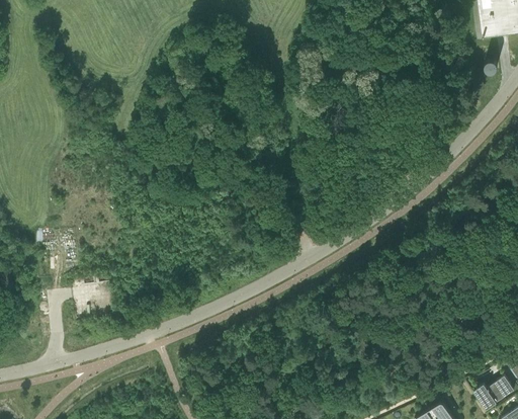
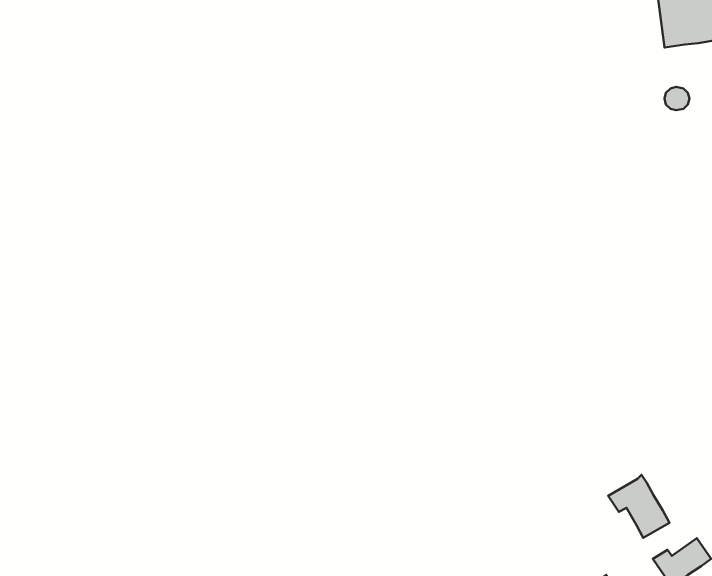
building: none -> [608,475,670,538]

